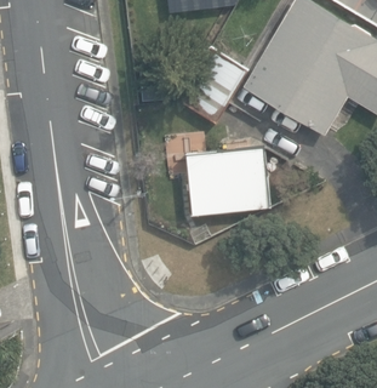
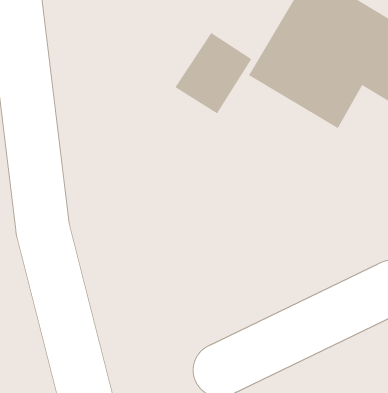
building: [182,148,268,216] -> none

